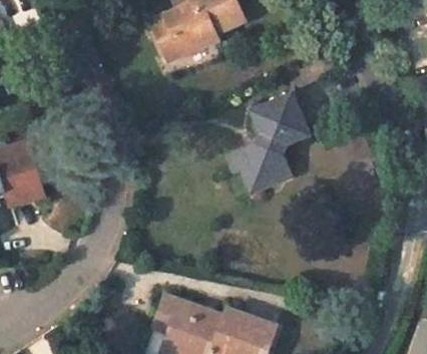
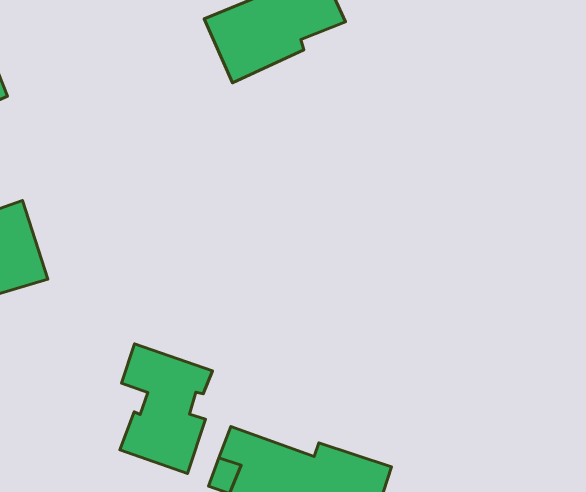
building: [224,95,309,192] -> none
building: none -> [120,344,212,474]

